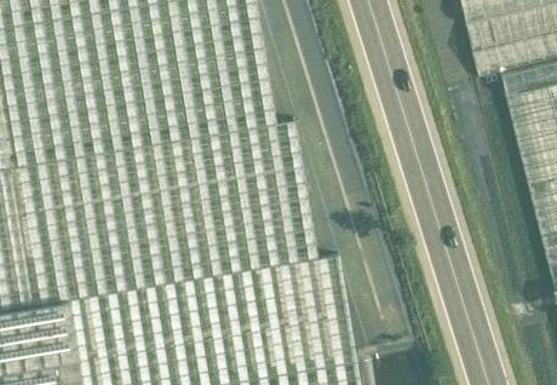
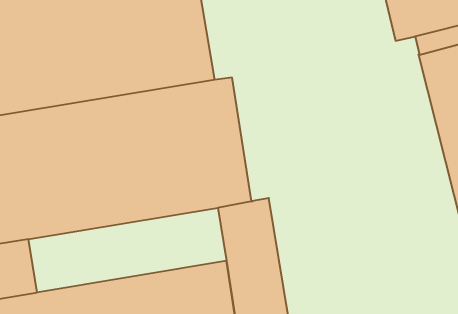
building: [68,264,289,358] -> none

